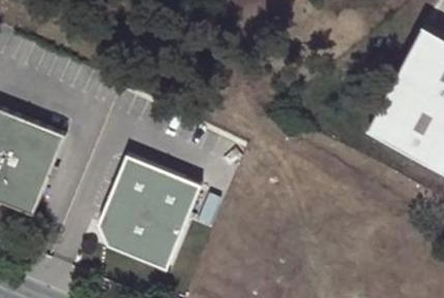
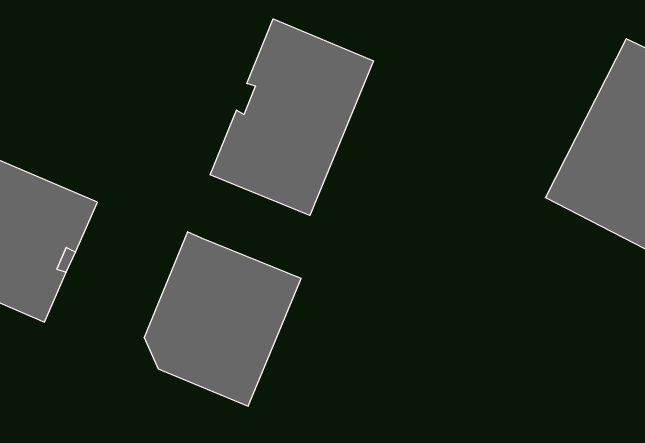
building: none -> [210,19,373,215]

